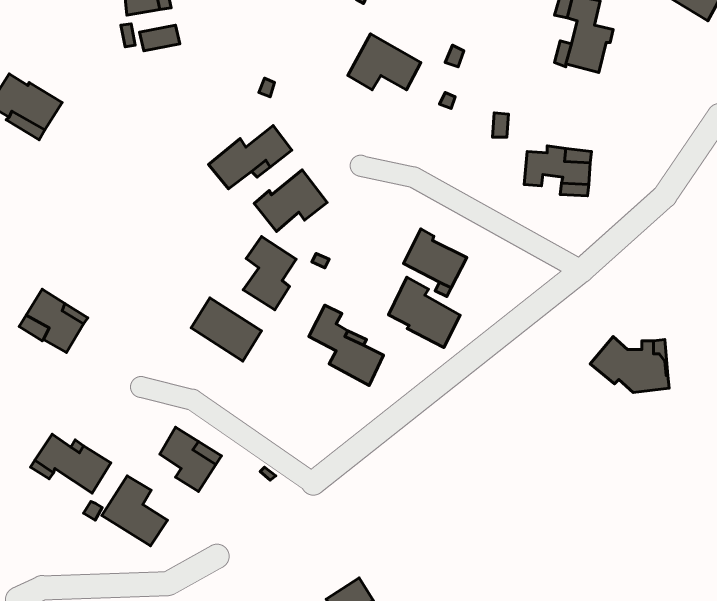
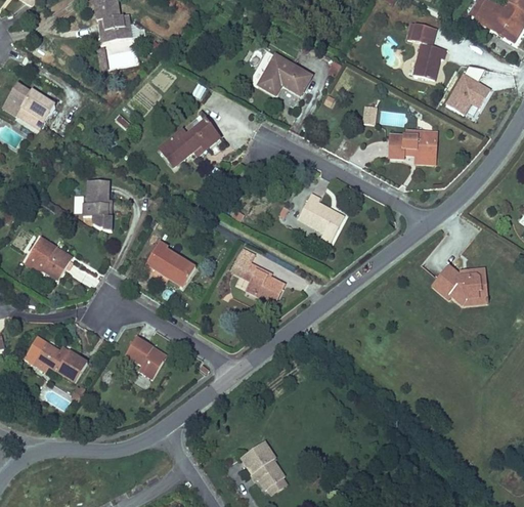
building: none -> [446,62,492,121]
building: [254,170,327,231] -> none
building: none -> [80,179,114,230]
building: [243,237,296,310] -> none
building: [388,277,460,348] -> none
building: [102,476,168,546] -> none

